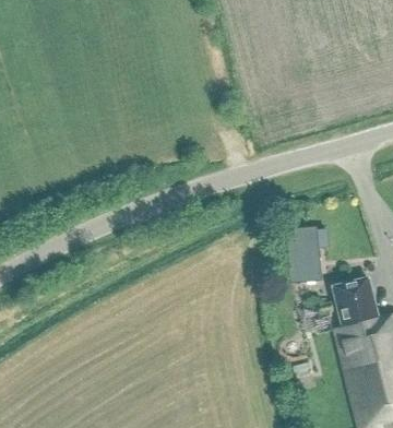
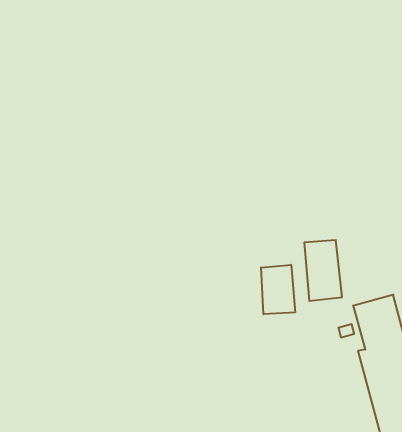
building: none -> [261,265,295,314]

